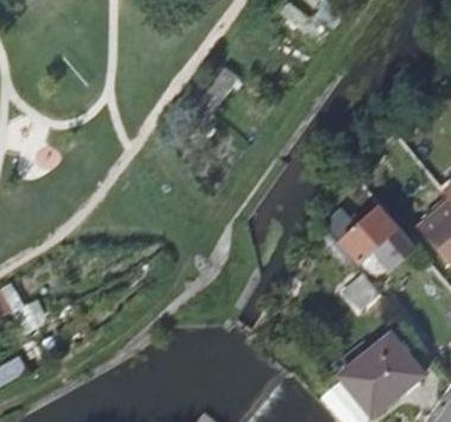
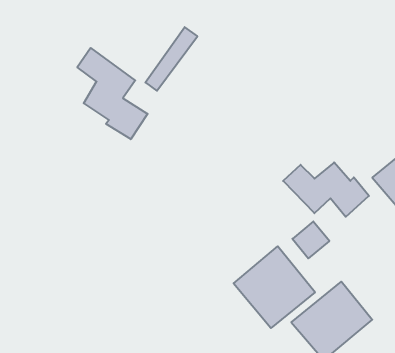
building: none -> [77,48,148,139]
building: none -> [234,246,315,328]

